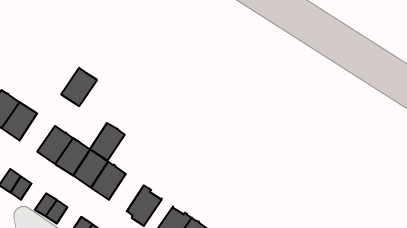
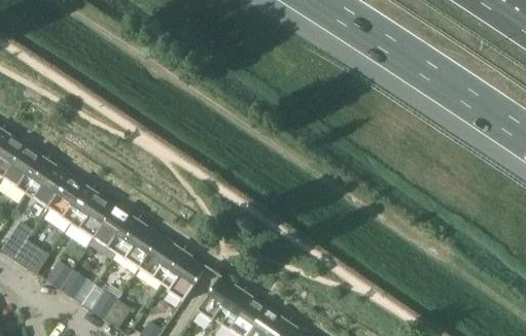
building: [61,68,97,106] -> [26,160,71,208]
building: [90,123,125,160] -> [139,236,183,283]

